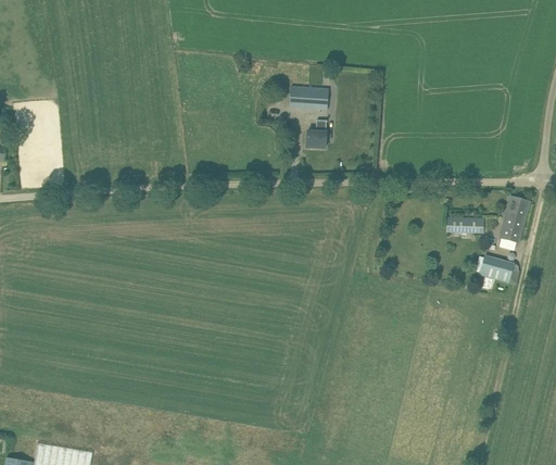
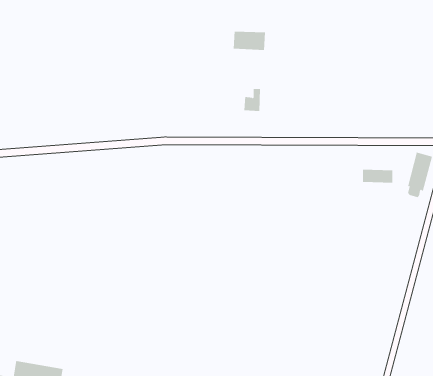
building: [287,86,326,109] -> [233,31,266,51]
building: [480,254,518,284] -> none

